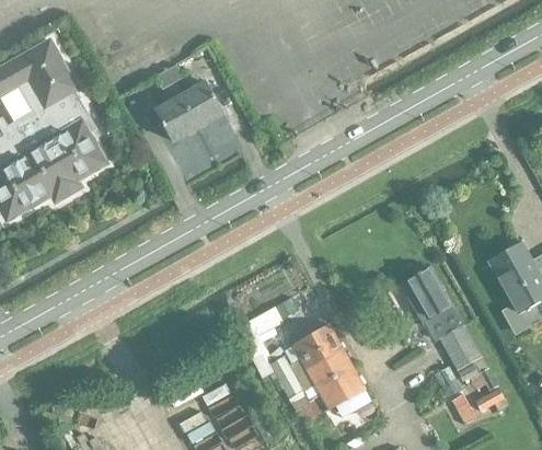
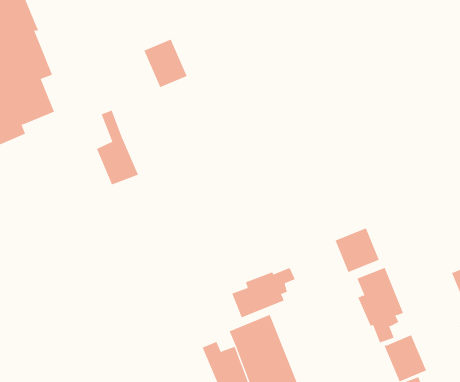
building: [154,71,197,141] -> [96,110,139,185]
building: none -> [335,228,379,273]
building: none -> [232,267,296,318]

